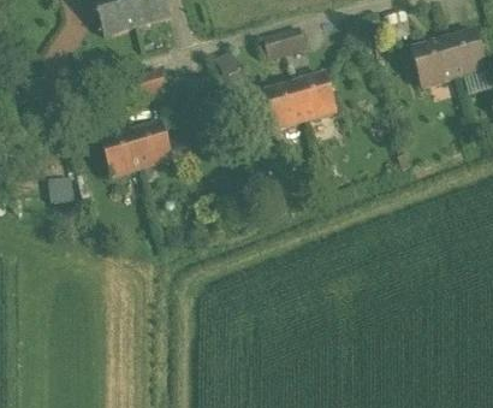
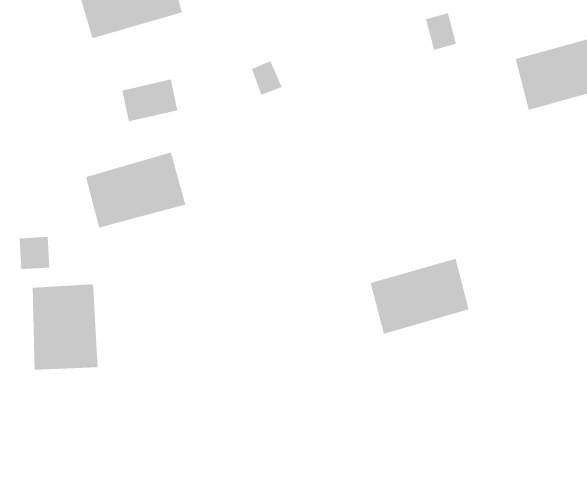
building: [261,26,304,58] -> none
building: [262,73,334,129] -> [370,258,469,334]
building: none -> [32,284,98,371]

